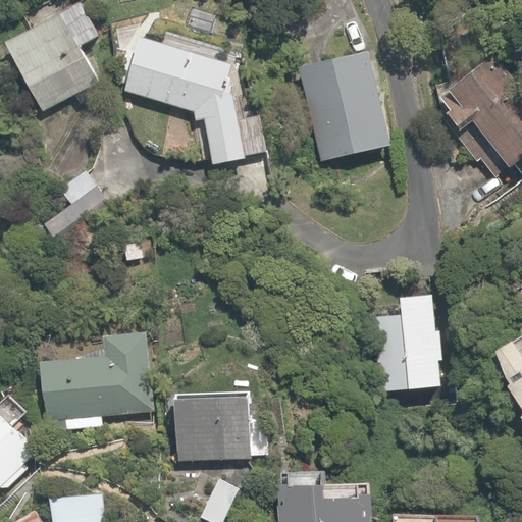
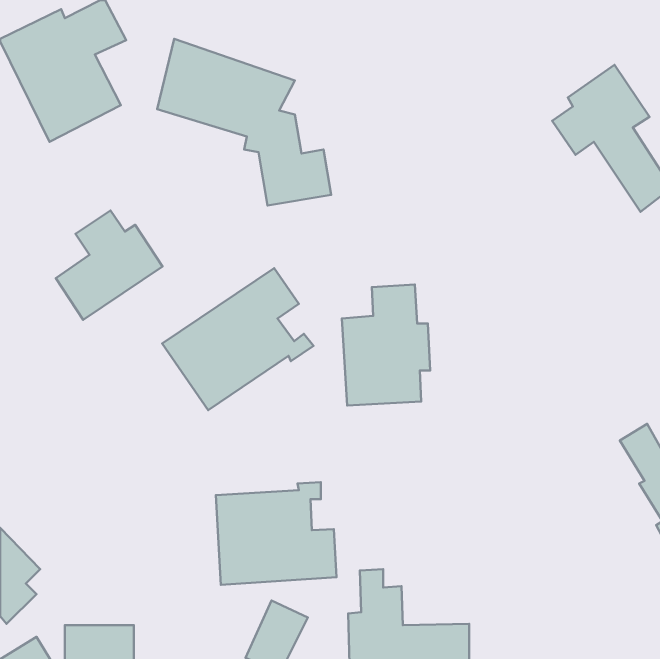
building: [296,50,396,162] -> none
building: none -> [162,268,313,410]
building: [374,294,443,388] -> [342,285,430,406]
building: [38,323,166,433] -> none

